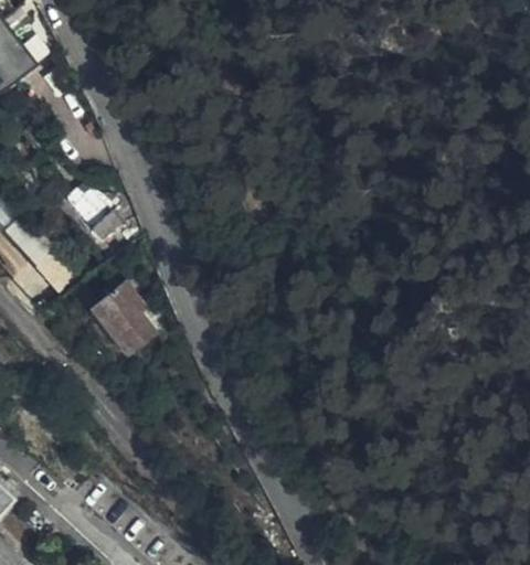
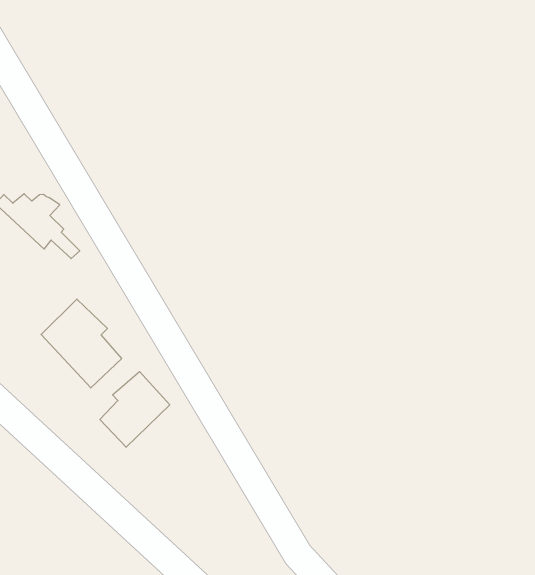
building: none -> [100,372,170,447]

